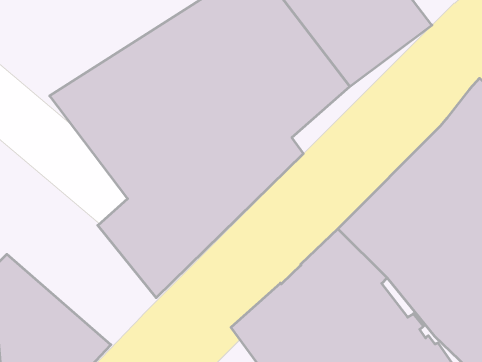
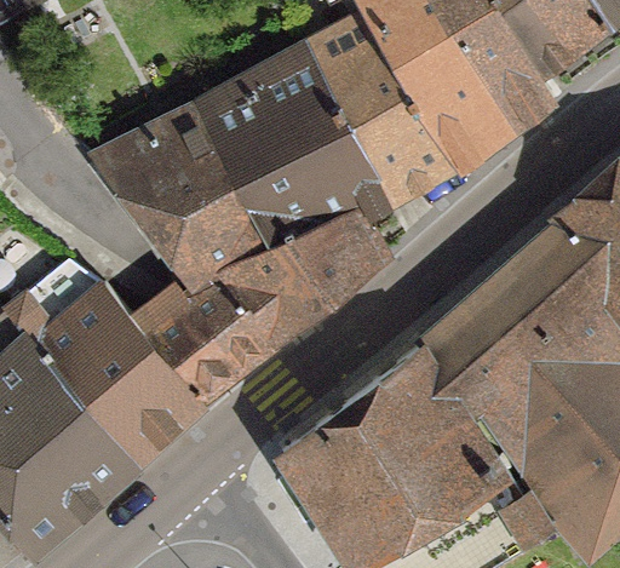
building: none -> [31,289,195,458]

